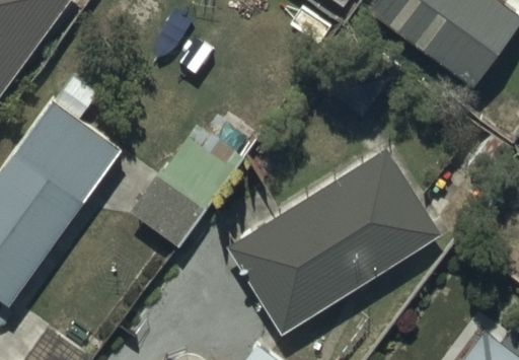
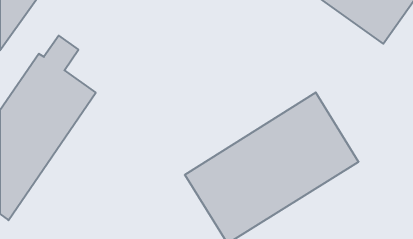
building: [132,128,243,247] -> none

